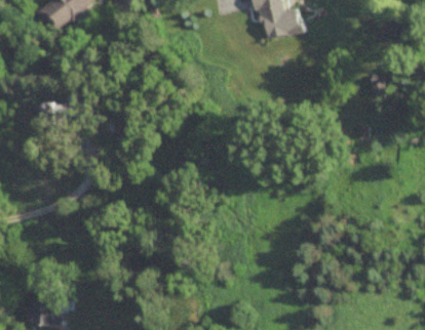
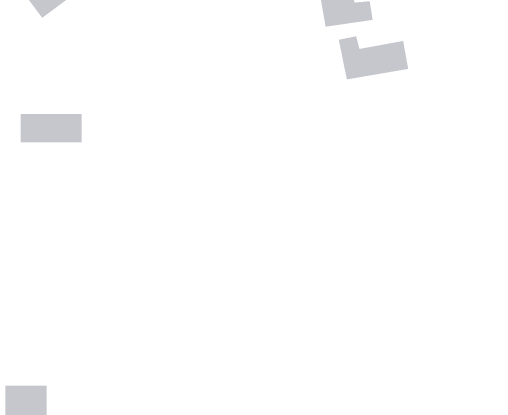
building: none -> [338,36,409,80]

